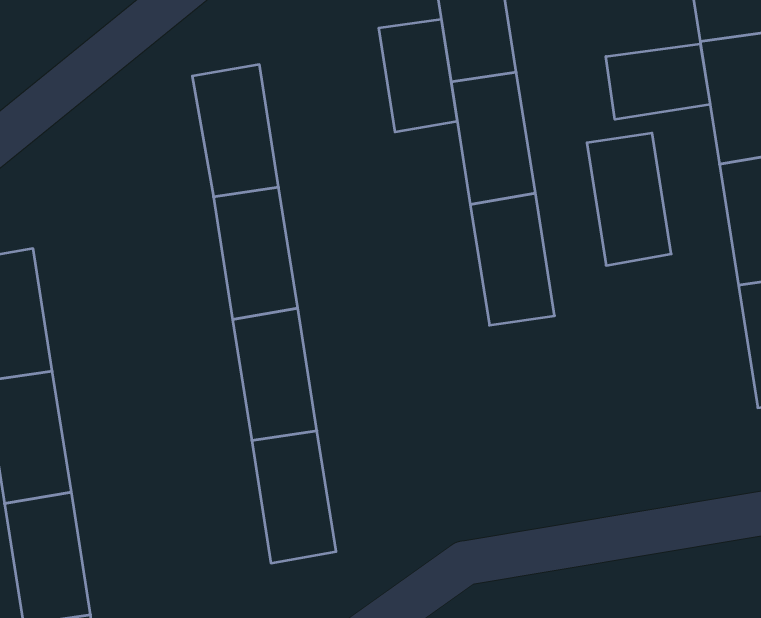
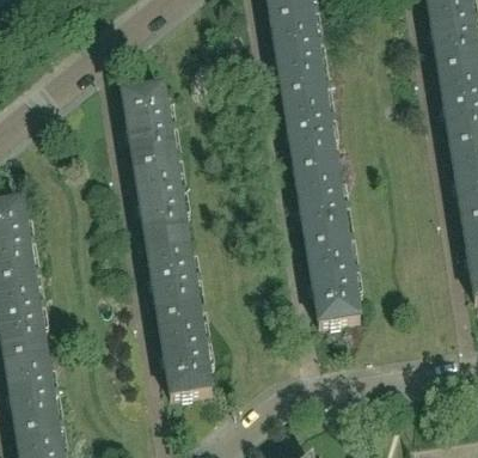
building: [379,19,457,132] -> none
building: [606,44,710,119] -> none
building: [587,133,671,265] -> [307,237,360,319]

